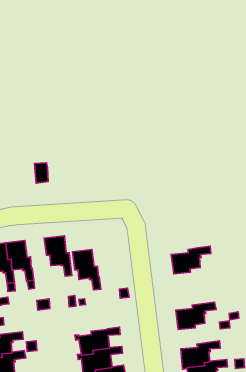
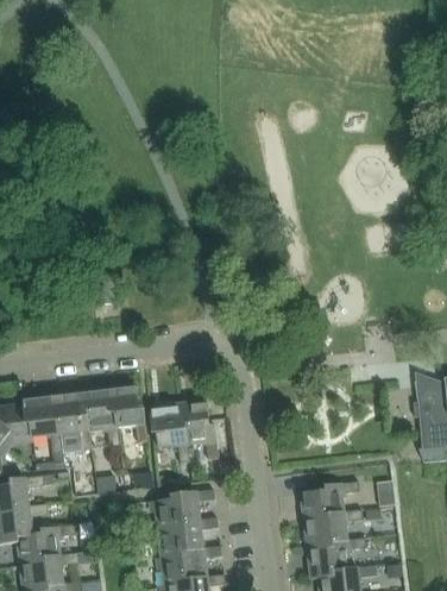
building: none -> [78,386,120,446]
building: [171,246,211,274] -> [304,509,363,549]
building: none -> [177,400,219,459]
building: none -> [150,489,215,530]

